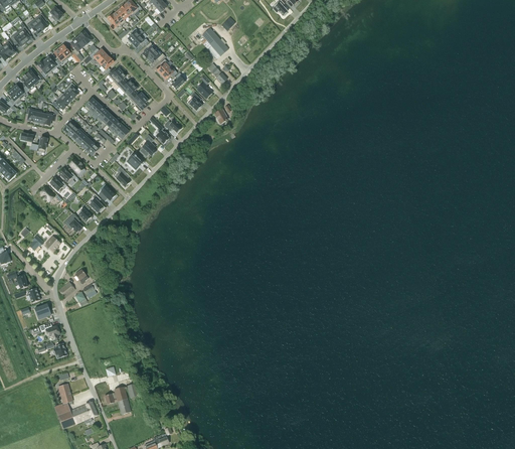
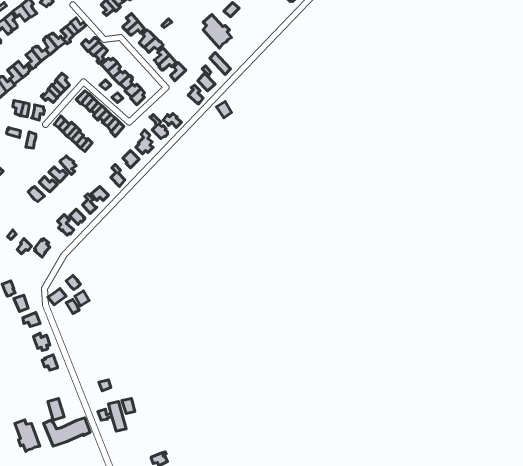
building: none -> [15,420,40,451]

